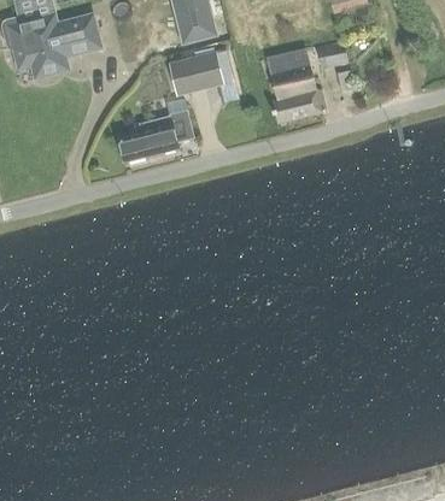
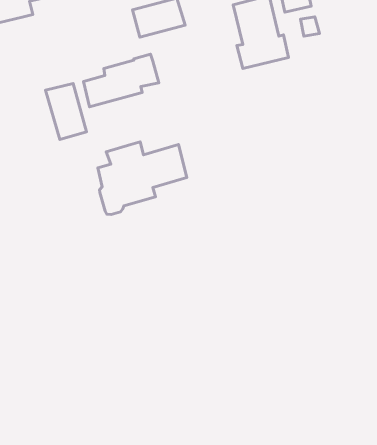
building: none -> [46,84,87,139]
building: none -> [98,142,187,214]

